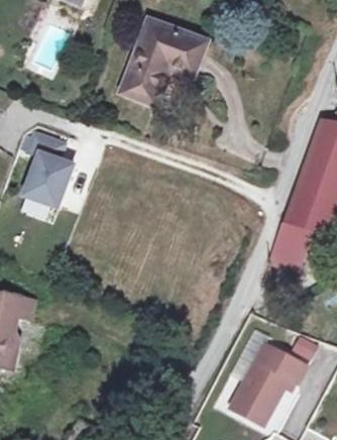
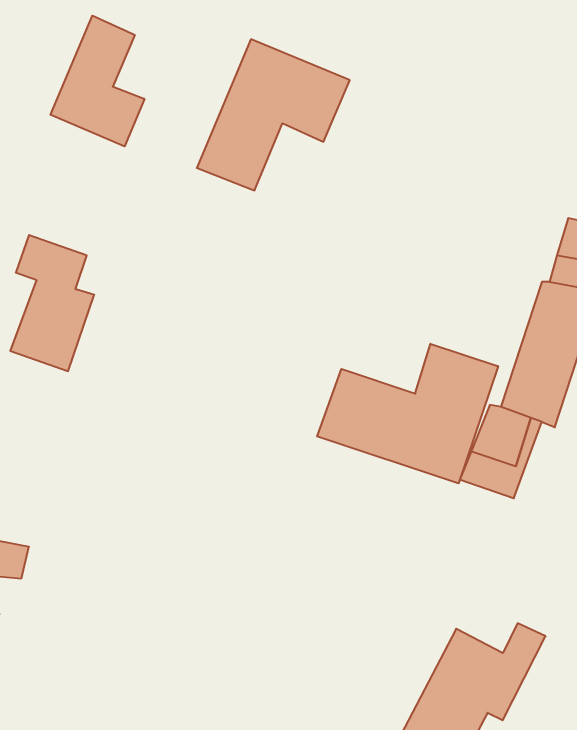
building: none -> [51,16,144,146]
building: none -> [317,344,498,483]

